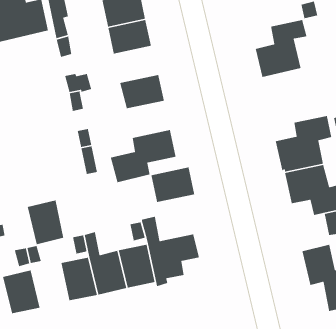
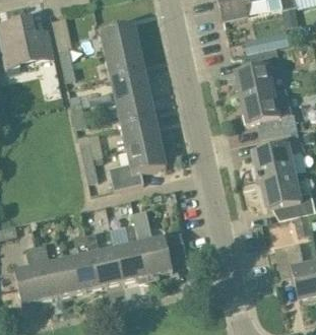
building: none -> [111,71,150,103]
building: none -> [240,88,297,137]
building: [151,167,195,203] -> [122,119,161,150]
building: [27,200,64,245] -> [40,259,72,298]

